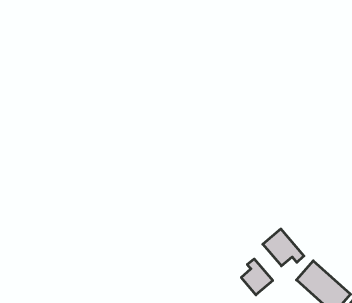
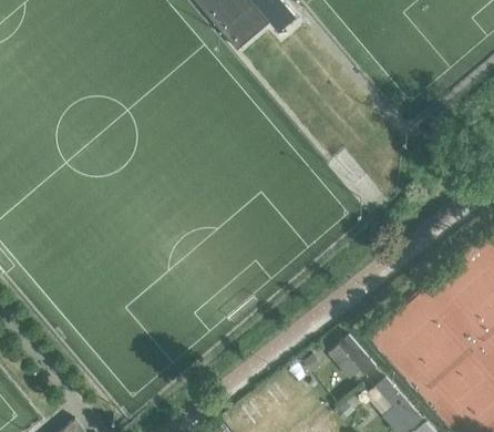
building: [241,259,273,295] -> none

